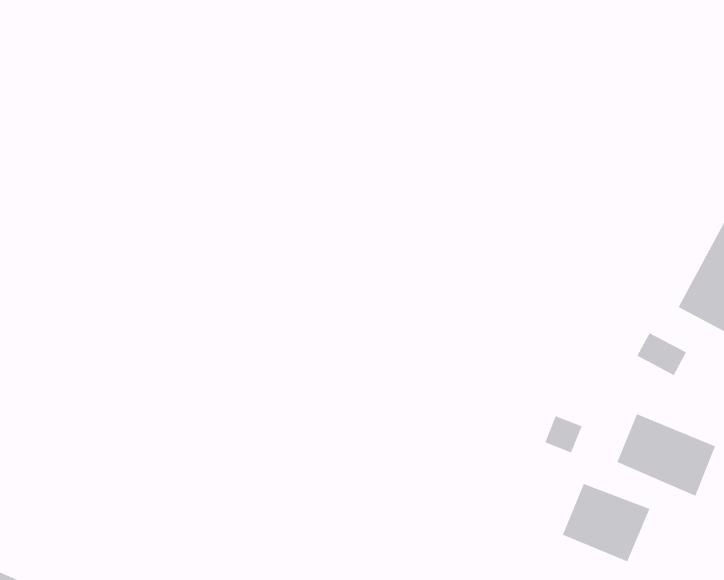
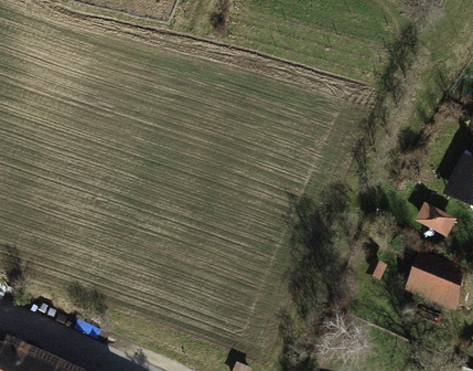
building: [562,483,650,562] -> none

